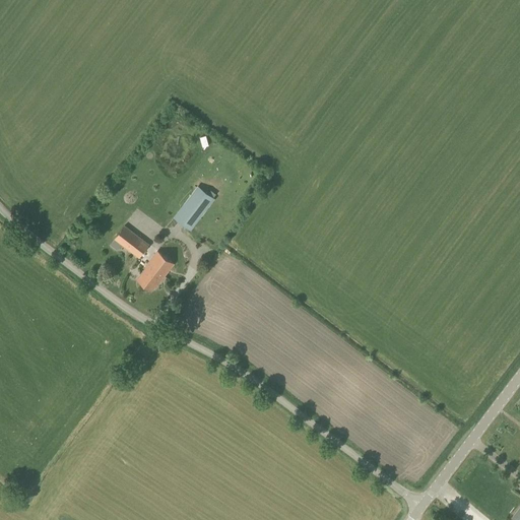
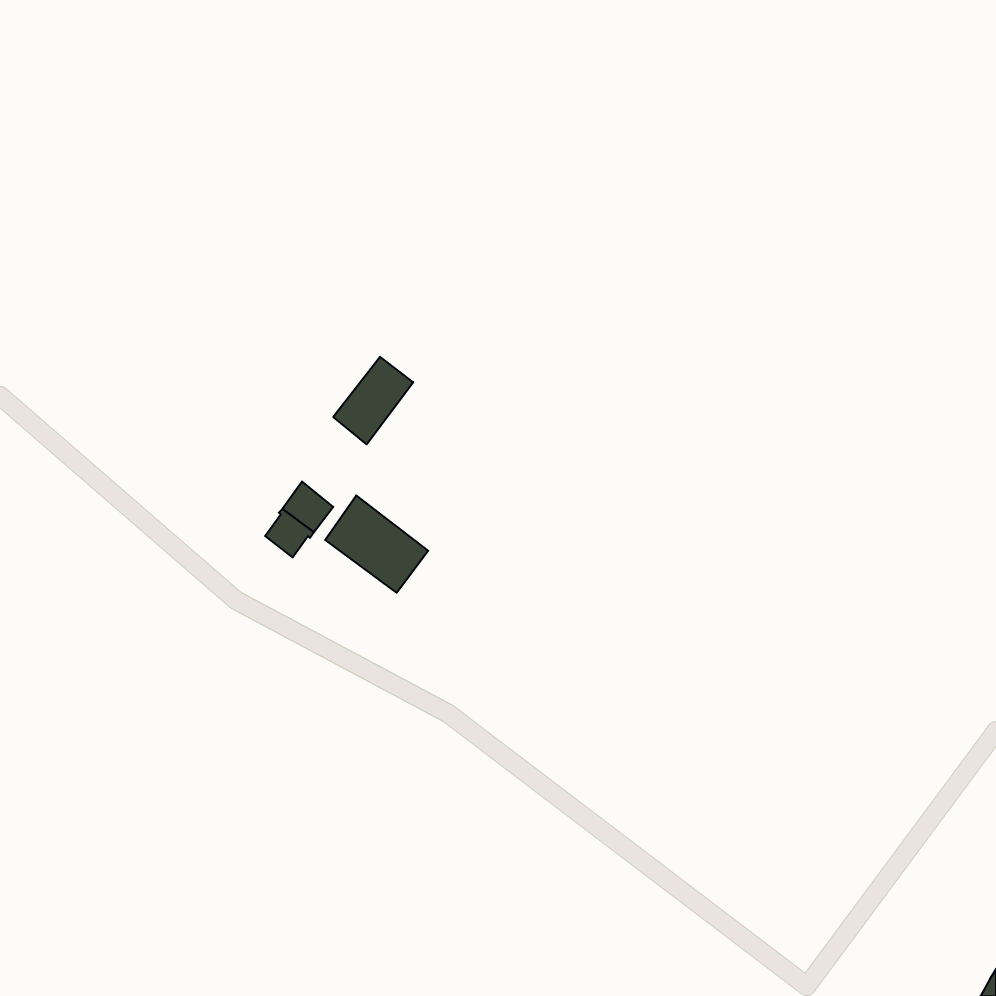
building: [115,225,149,258] -> none
building: none -> [325,495,428,593]

